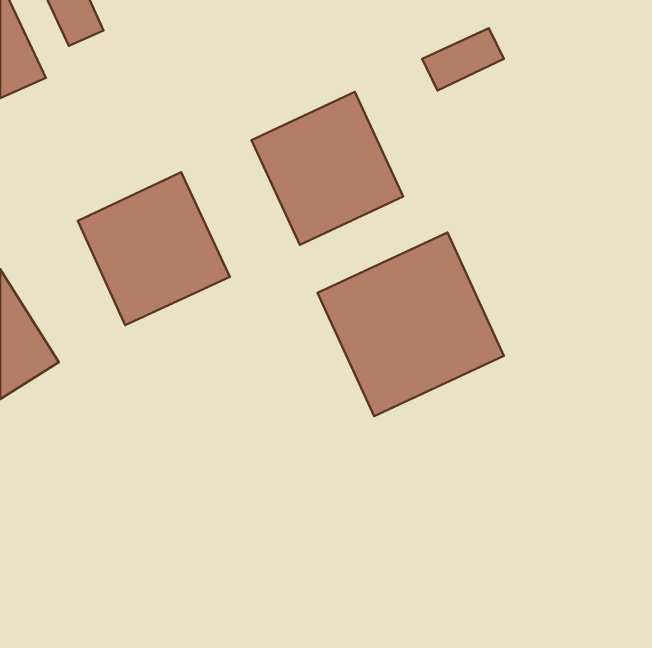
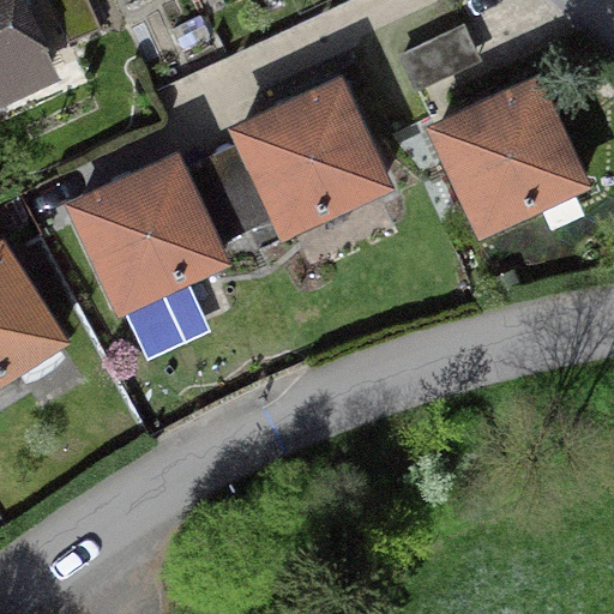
building: none -> [433,85,577,229]
building: [318,233,504,416] -> none

